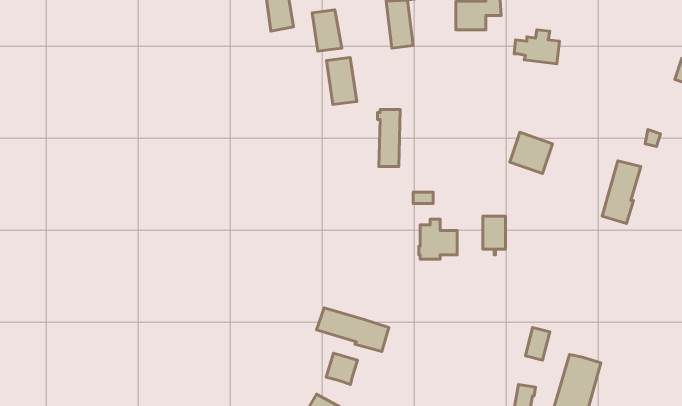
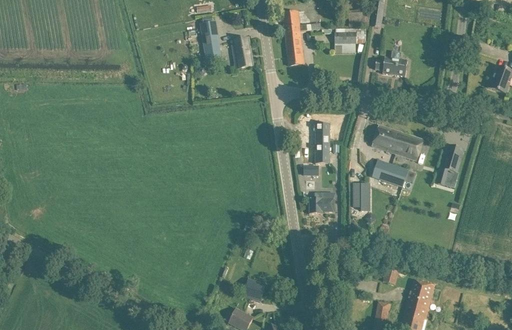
building: [326,58,357,105] -> none
building: [377,110,400,166] -> [313,123,329,163]
building: none -> [394,132,422,160]
building: none -> [378,161,407,187]
building: [316,308,389,352] -> none

